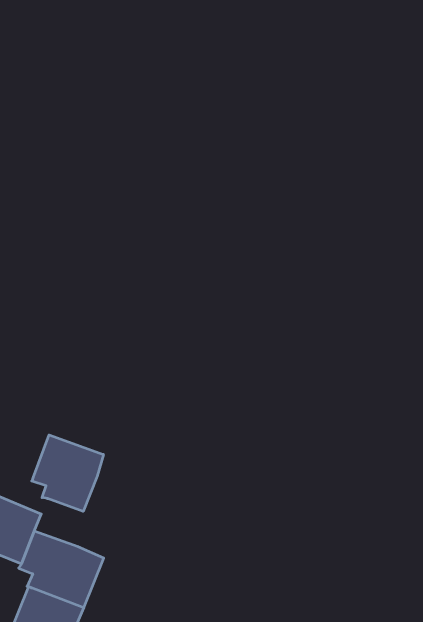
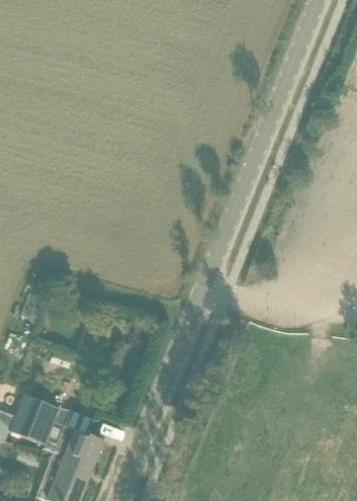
building: [32,435,103,511] -> none

